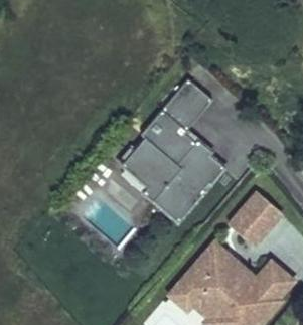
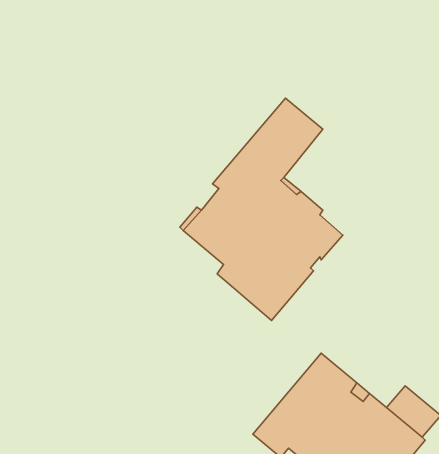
building: [226,191,279,245] -> none

